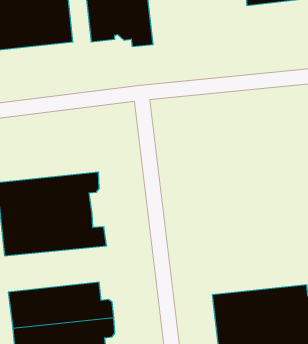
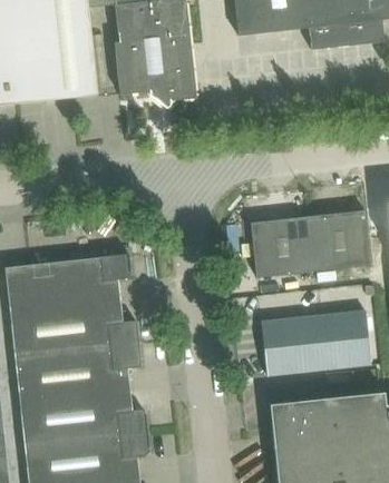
building: none -> [250,210,371,277]
building: none -> [261,310,370,375]
building: none -> [14,344,142,401]

